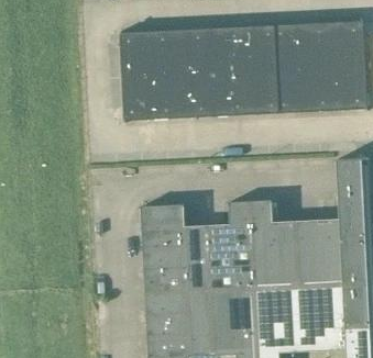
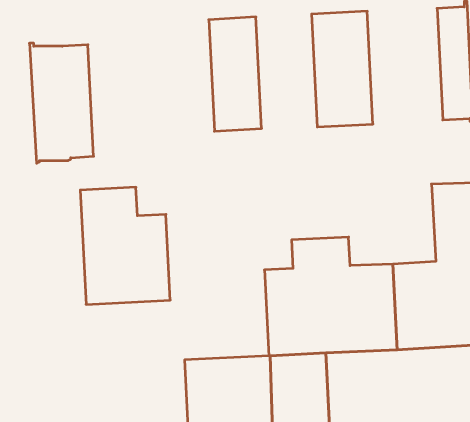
building: [285,23,343,112] -> none
building: [199,27,246,115] -> none
building: [118,31,167,123] -> [29,43,94,163]
building: [140,203,209,293] -> [80,187,170,304]

